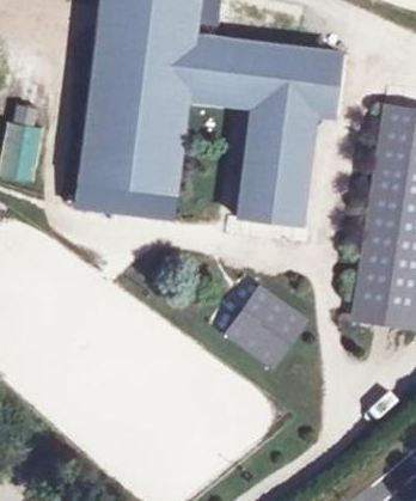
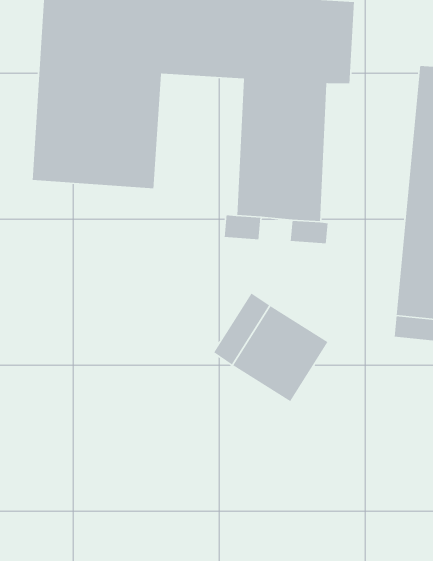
building: [77,181,175,216] -> none

